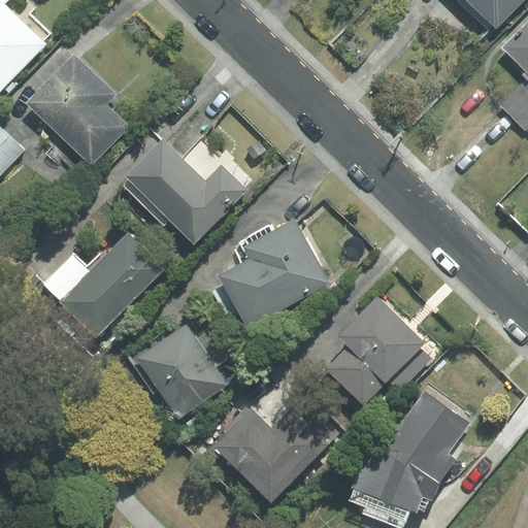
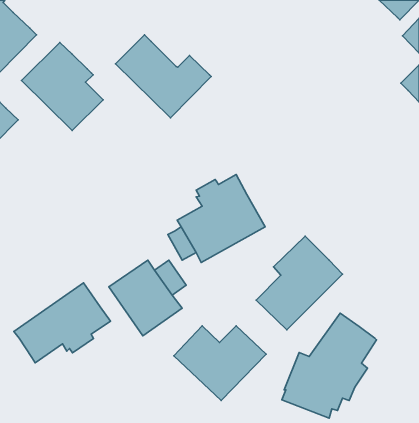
building: [127,139,245,242] -> [115,35,211,118]
building: [59,232,164,337] -> none
building: none -> [14,283,110,363]

